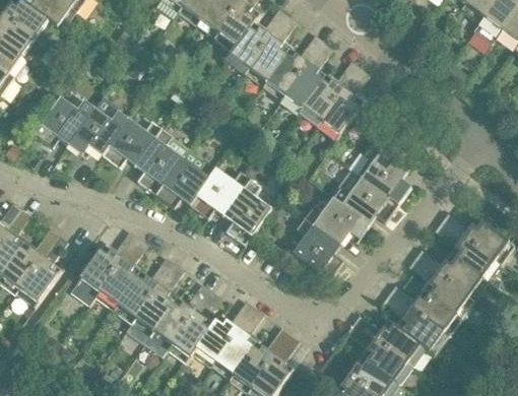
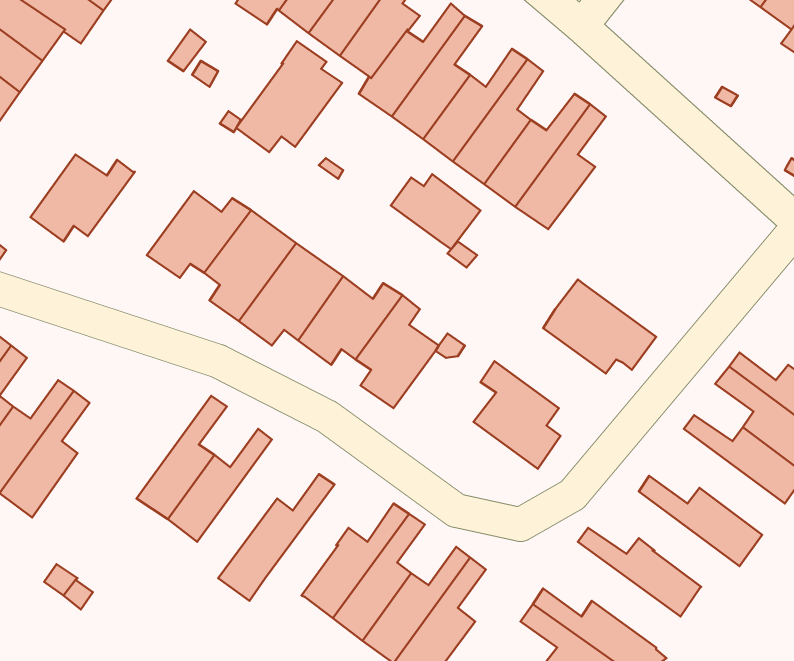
building: [66,93,128,158] -> [236,41,342,152]
building: none -> [391,174,480,249]
building: [357,143,411,203] -> none
building: [304,198,369,245] -> none
building: [68,230,138,306] -> none
building: [407,257,473,319] -> none
building: [124,263,184,344] -> none
building: [170,289,219,359] -> none
building: [381,293,447,357] -> none
building: [345,323,412,385] -> none

